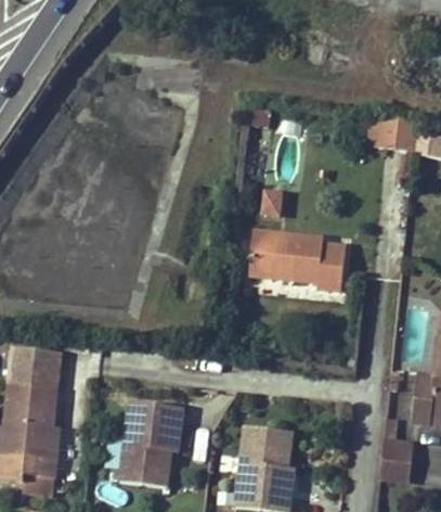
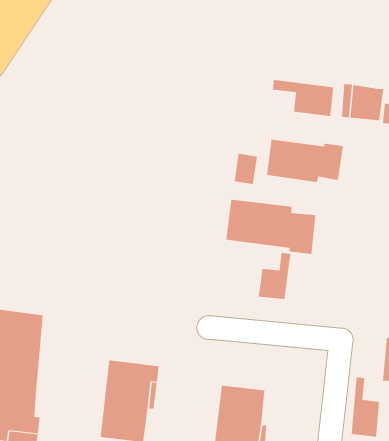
building: none -> [272,79,334,117]
building: none -> [266,139,344,183]
building: none -> [258,252,291,300]

